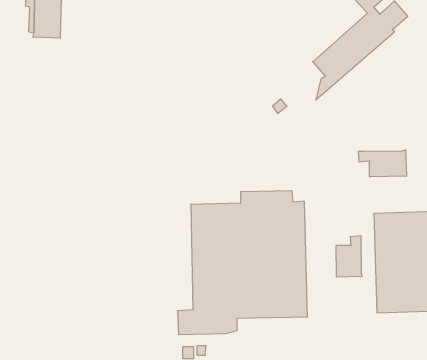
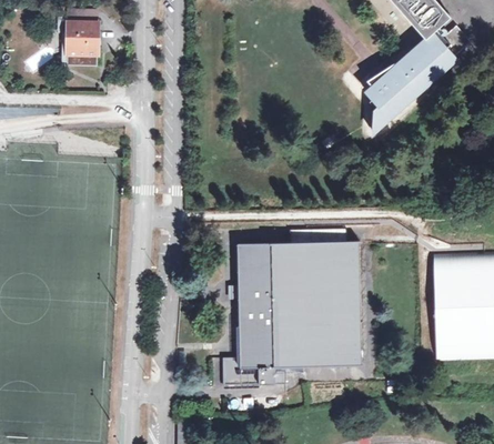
building: [358,150,406,177] -> none
building: [336,236,362,277] -> none

